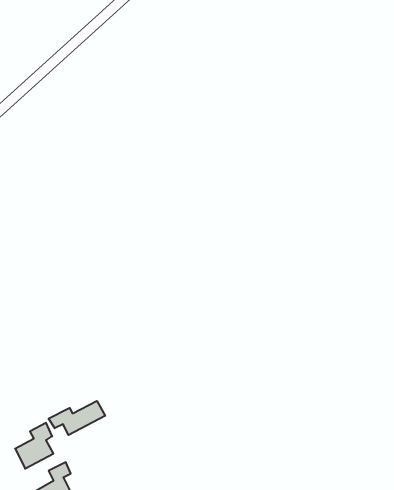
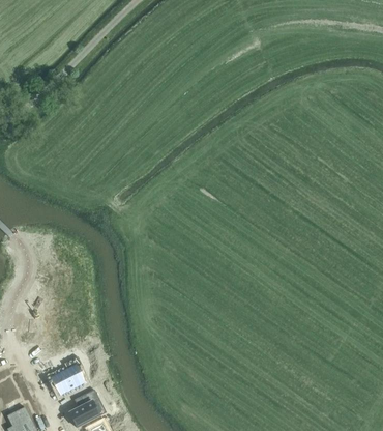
building: [49,401,105,435] -> none

